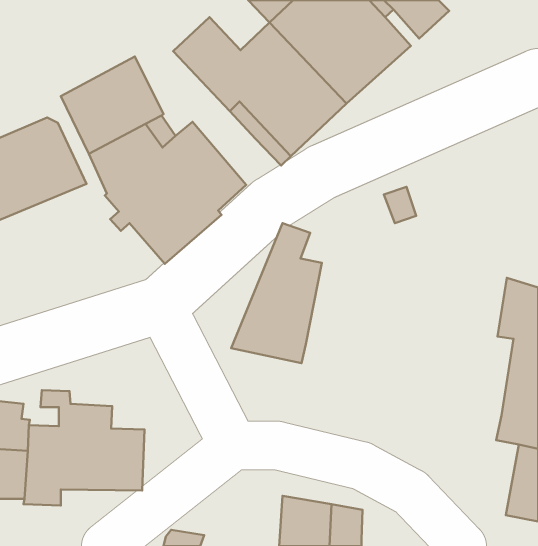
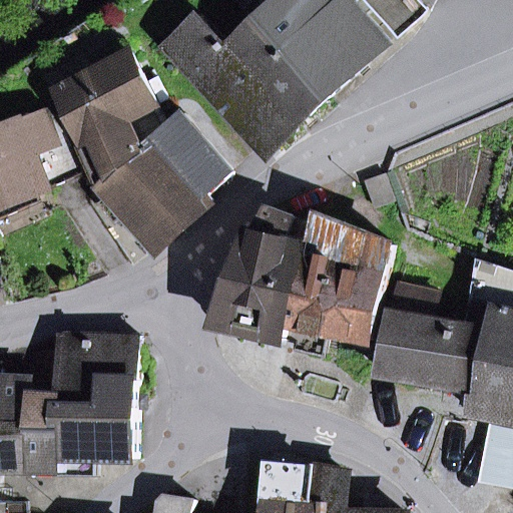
building: none -> [287,218,391,356]
building: none -> [375,287,481,390]
building: none -> [38,337,136,403]

